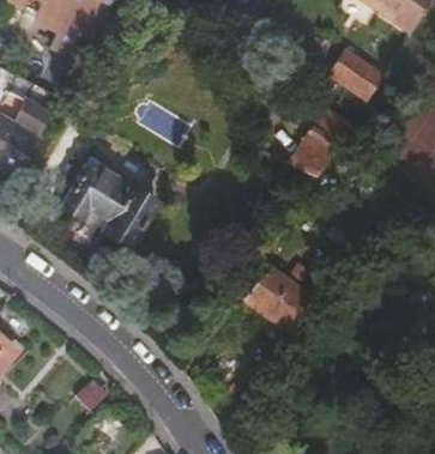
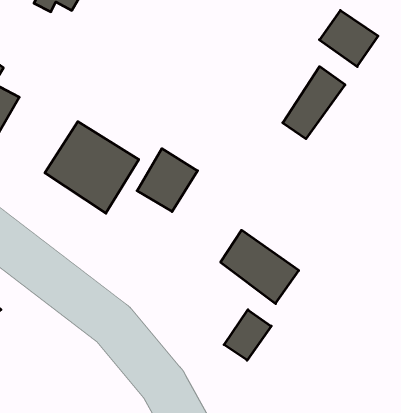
building: none -> [137,149,198,212]
building: none -> [224,310,271,360]

